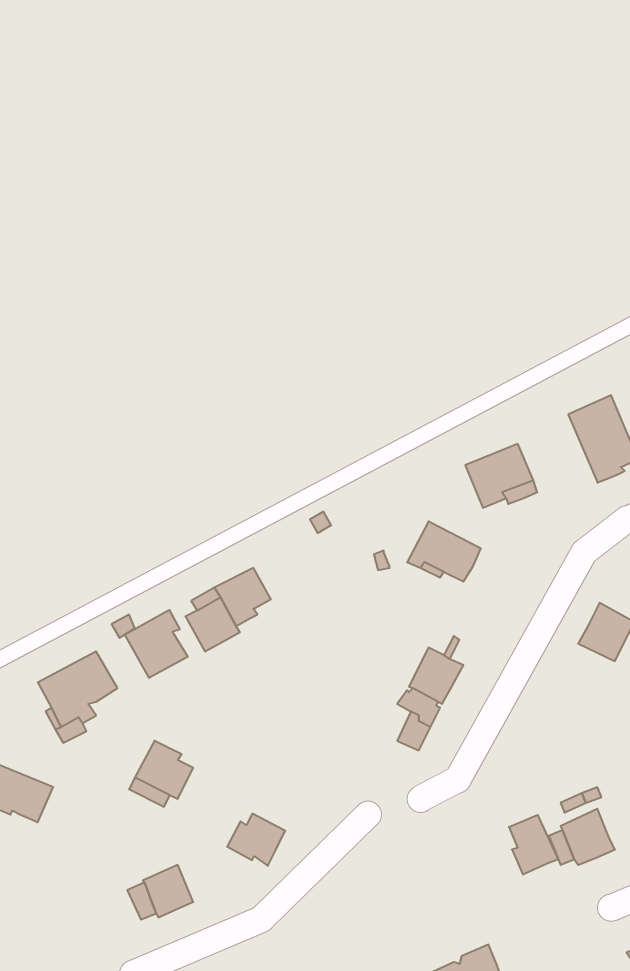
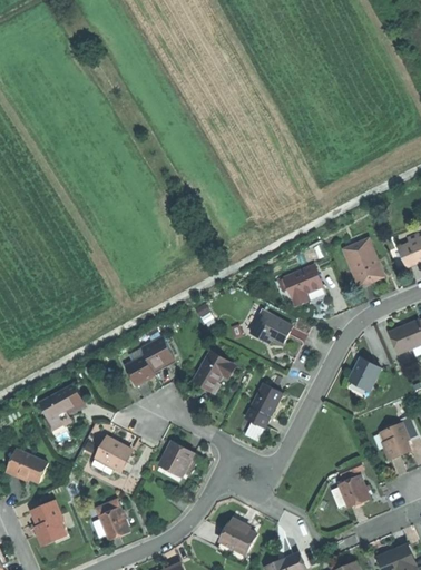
building: none -> [194,351,236,392]
building: [125,610,188,678] -> none
building: [227,814,285,866] -> [160,442,194,472]
building: [509,815,558,875] -> none
building: none -> [31,501,65,543]
building: none -> [216,518,256,561]

